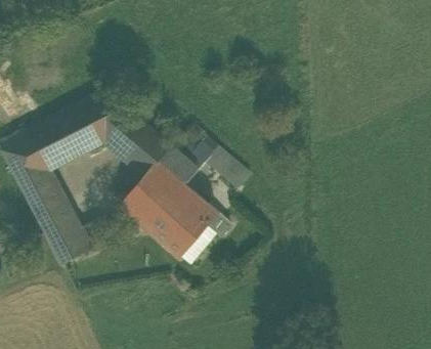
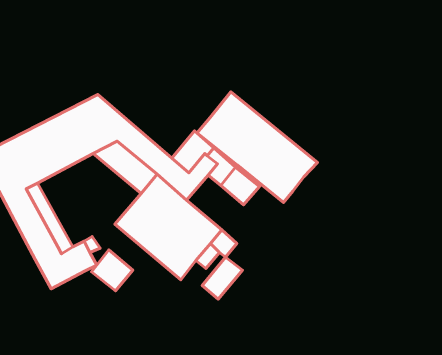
building: none -> [197,92,318,202]
building: none -> [91,250,133,291]
building: none -> [202,257,242,299]

